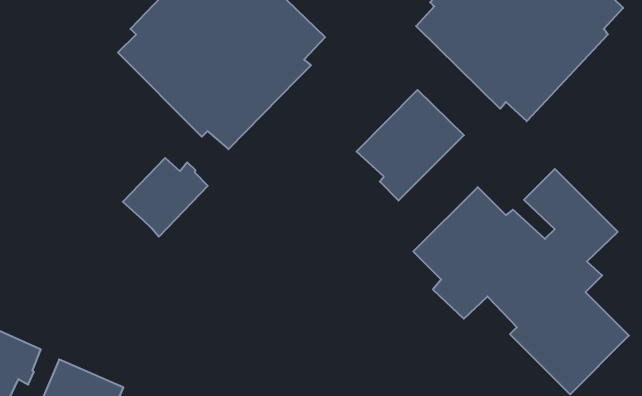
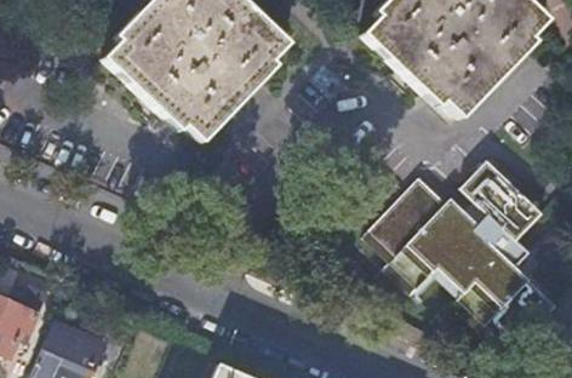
building: [357,90,464,201] -> none
building: [123,158,208,237] -> none

